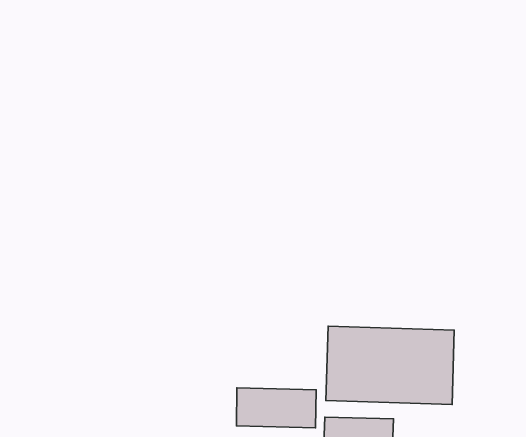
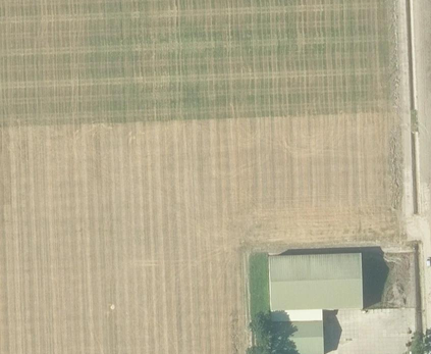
building: [236,388,316,428] -> none

